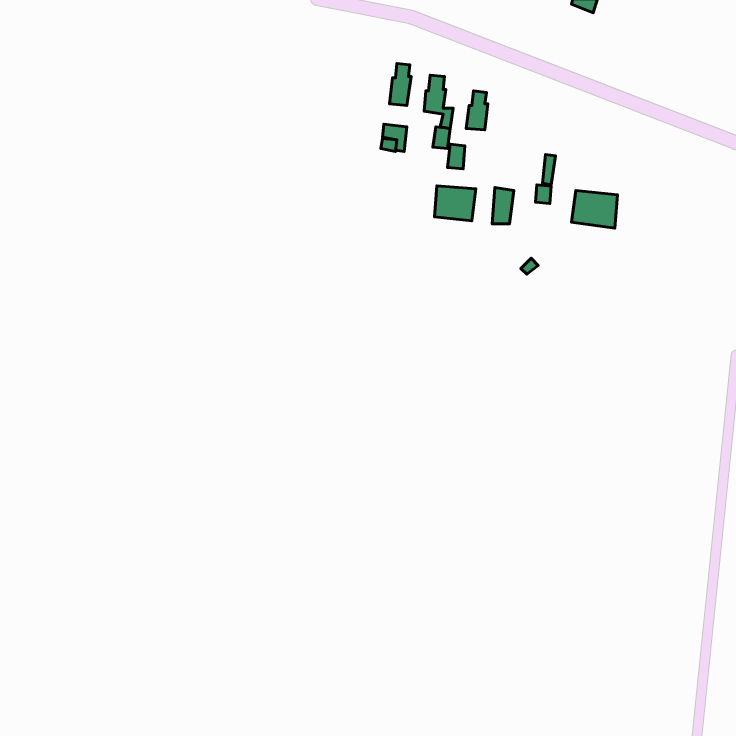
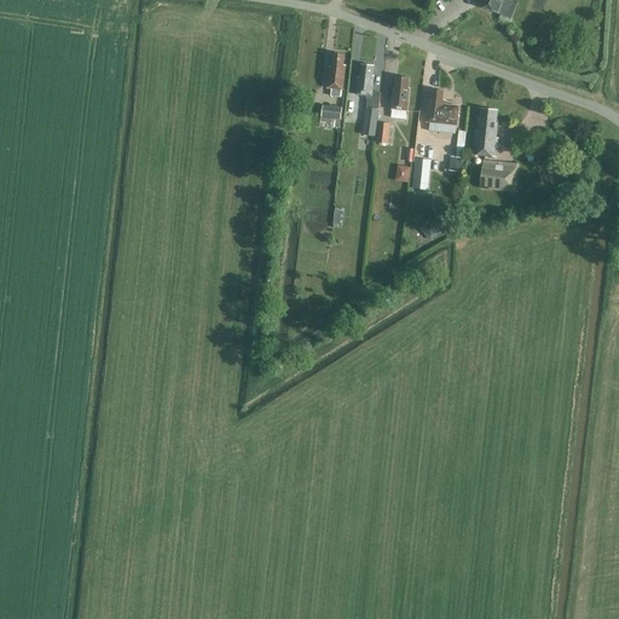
building: none -> [426,88,458,125]
building: none -> [472,108,497,156]
building: [435,186,476,221] -> none

